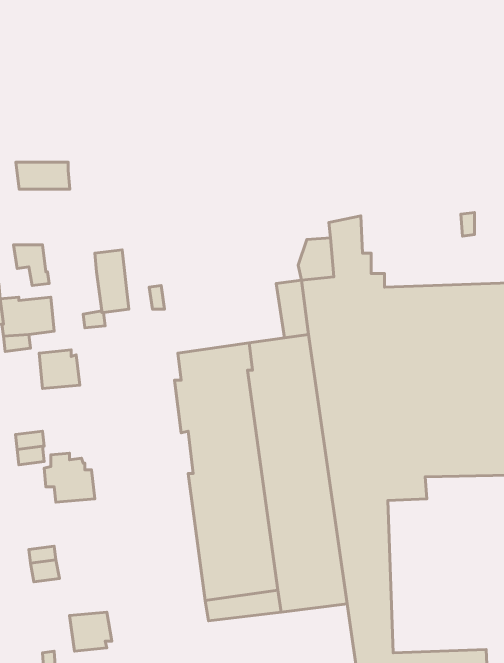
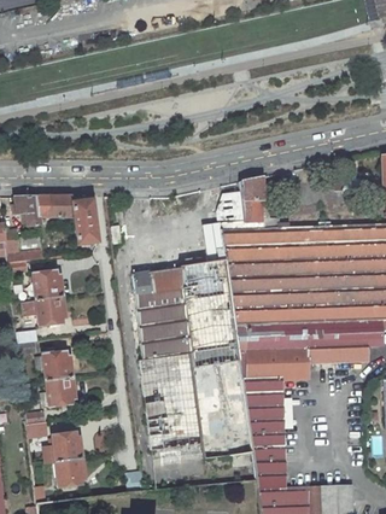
building: [16,162,70,189] -> [35,195,74,215]
building: none -> [22,296,64,326]
building: none -> [40,376,75,407]
building: none -> [43,432,81,461]

